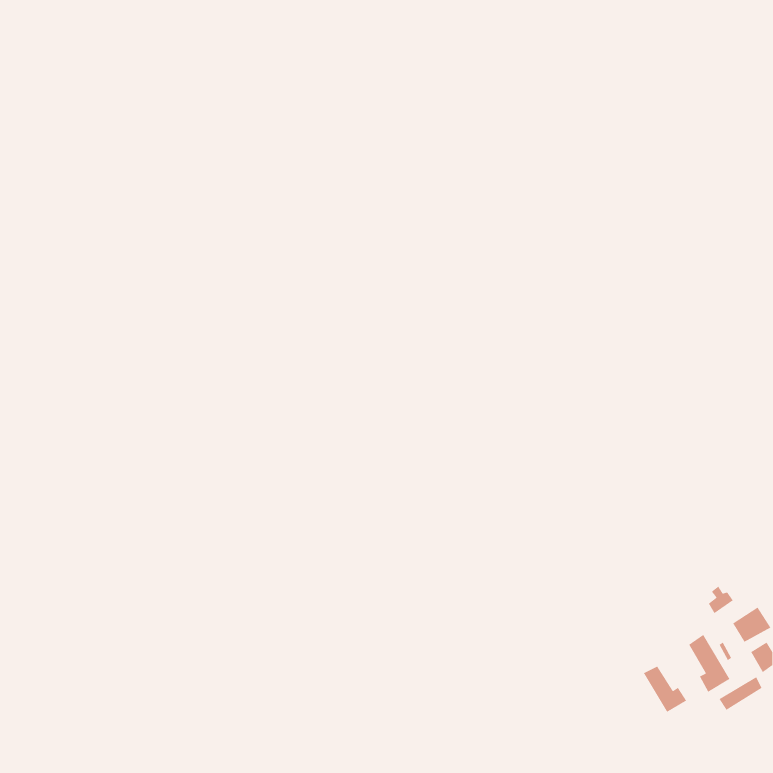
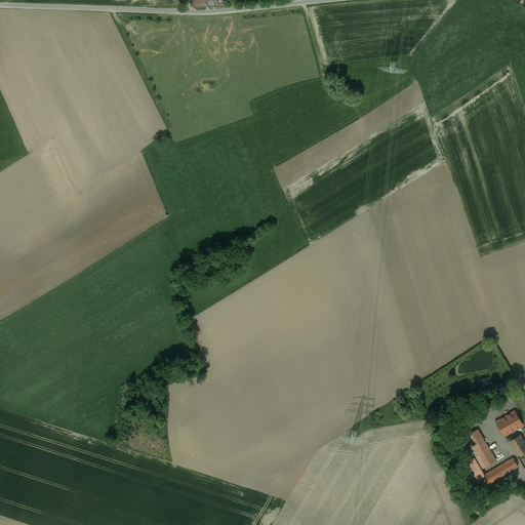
building: [643,665,687,713] -> none

